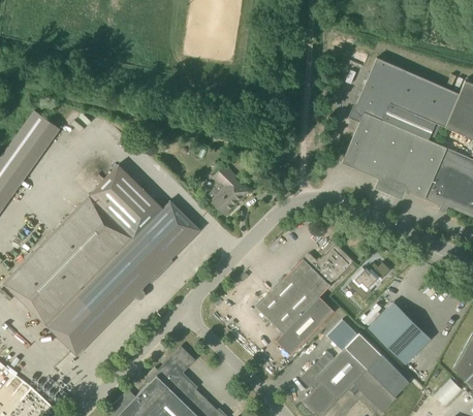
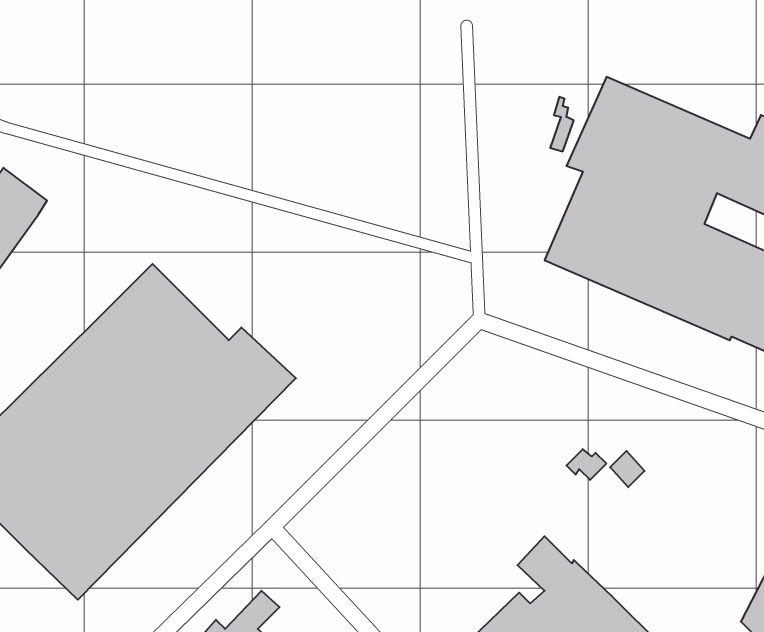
building: [210,166,248,216] -> none
building: [256,244,353,356] -> none
building: [368,302,430,363] -> none

